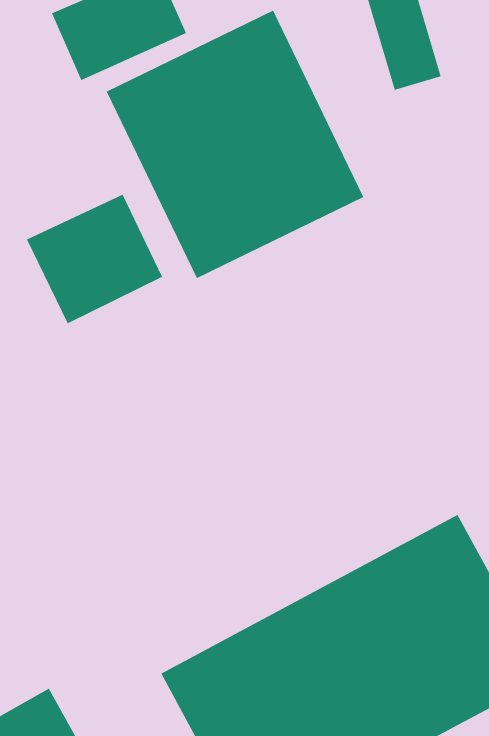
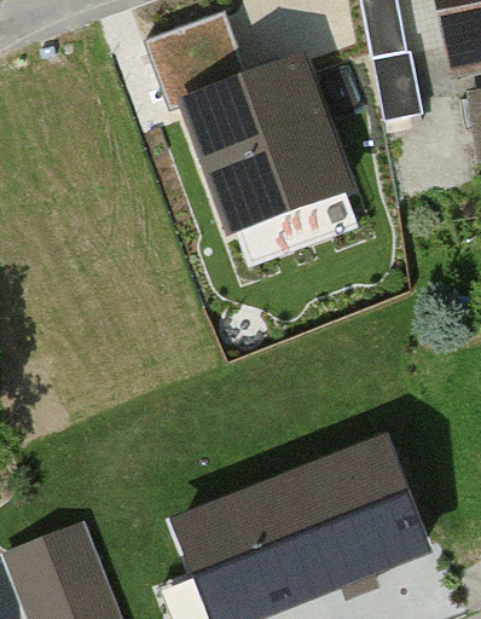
building: [26,194,163,324] -> none

